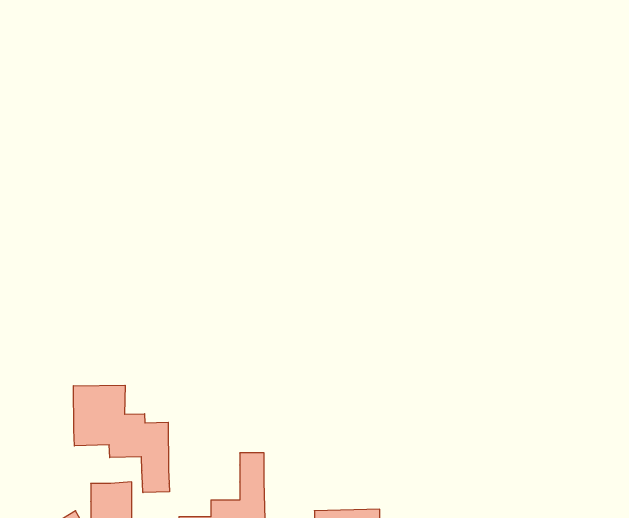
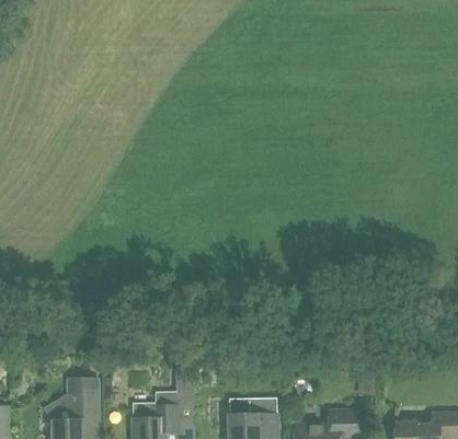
building: [73,385,169,493] -> none

